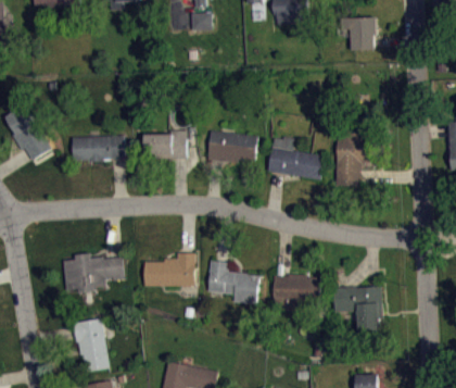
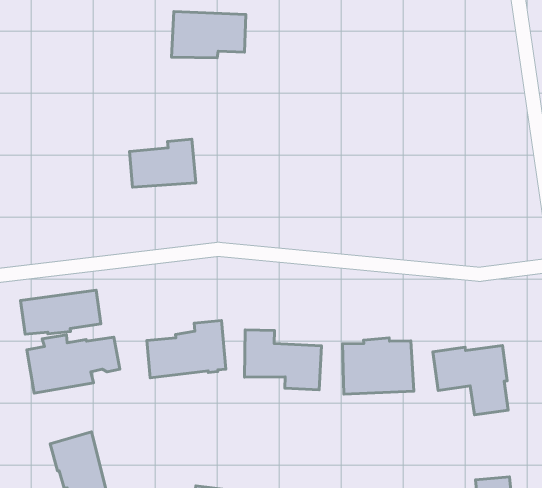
building: [335,128,377,185] -> none
building: [206,129,258,163] -> [172,11,246,58]
building: [73,135,125,161] -> [20,290,101,334]
building: [268,136,325,179] -> none

